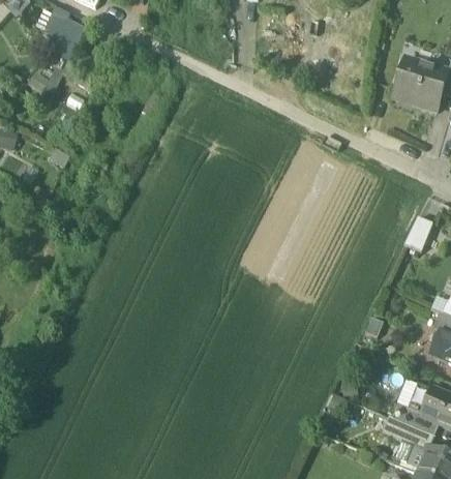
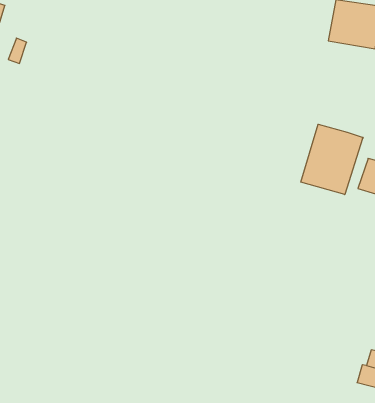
building: none -> [301,124,363,195]

